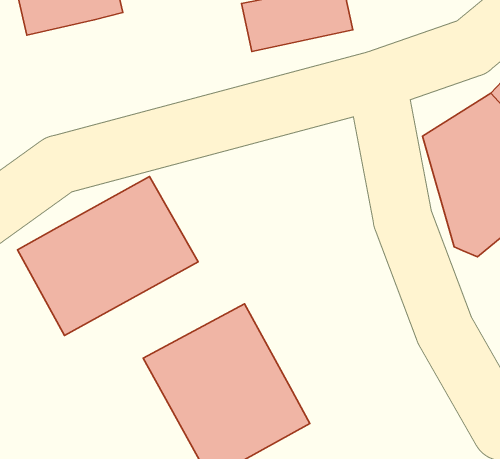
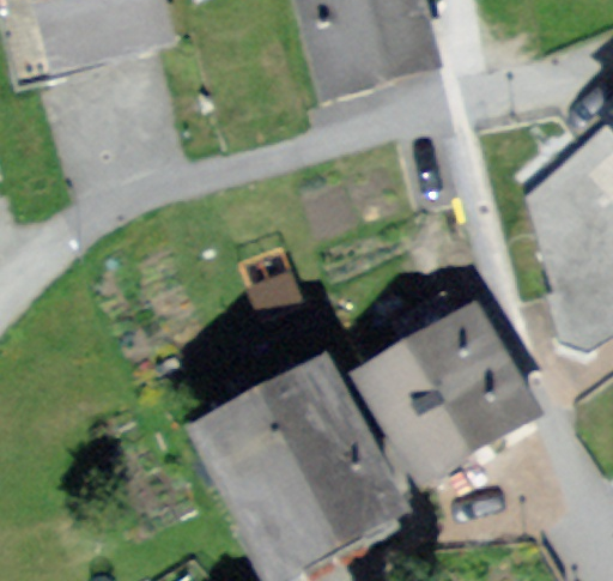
building: [17,177,198,335] -> none
building: none -> [359,307,534,482]

